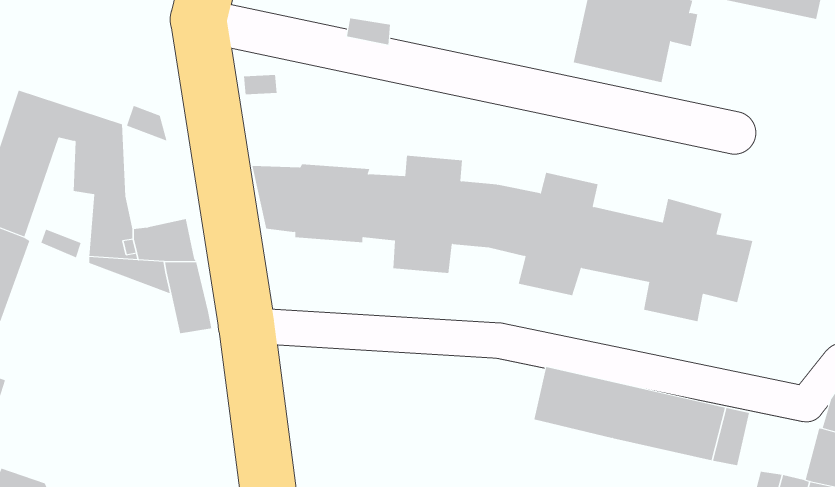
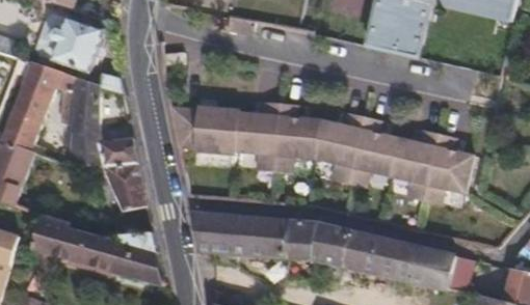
building: none -> [51,19,102,74]
building: none -> [37,212,164,284]
building: none -> [192,214,347,261]

